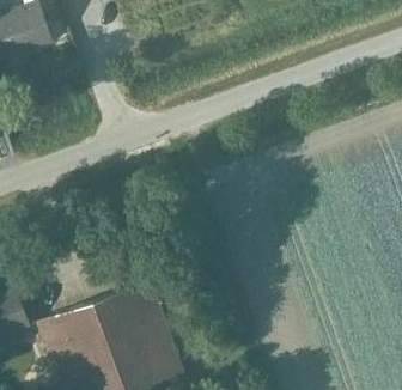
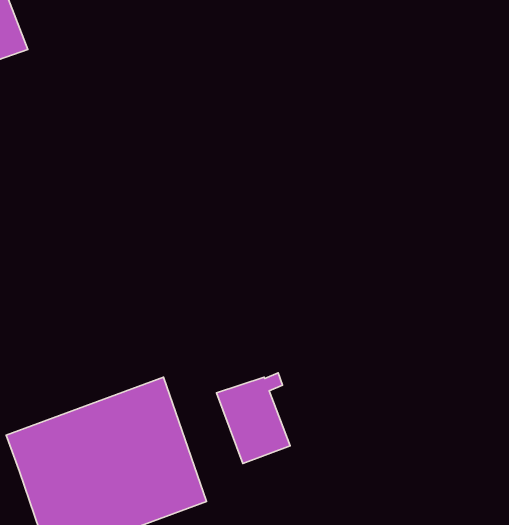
building: none -> [217,373,290,464]

